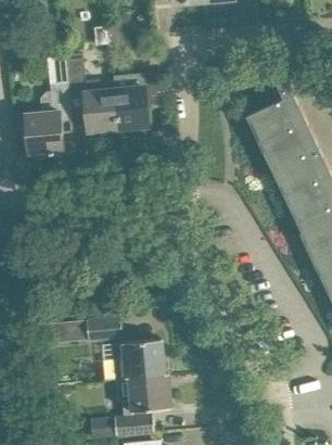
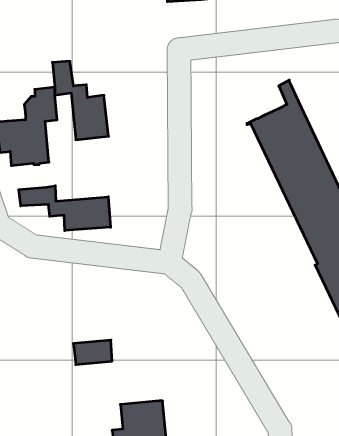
building: [112,75,161,130] -> none
building: none -> [19,186,111,231]
building: [102,341,164,382] -> none

